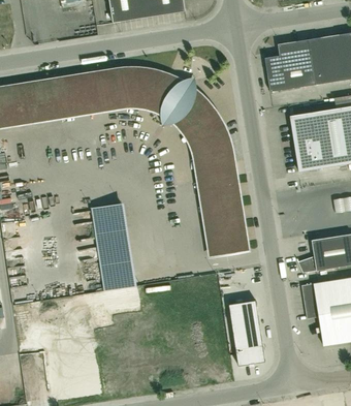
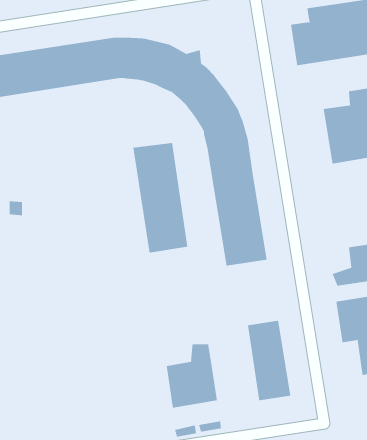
building: [93,199,138,290] -> [133,143,188,253]
building: none -> [166,343,217,408]

